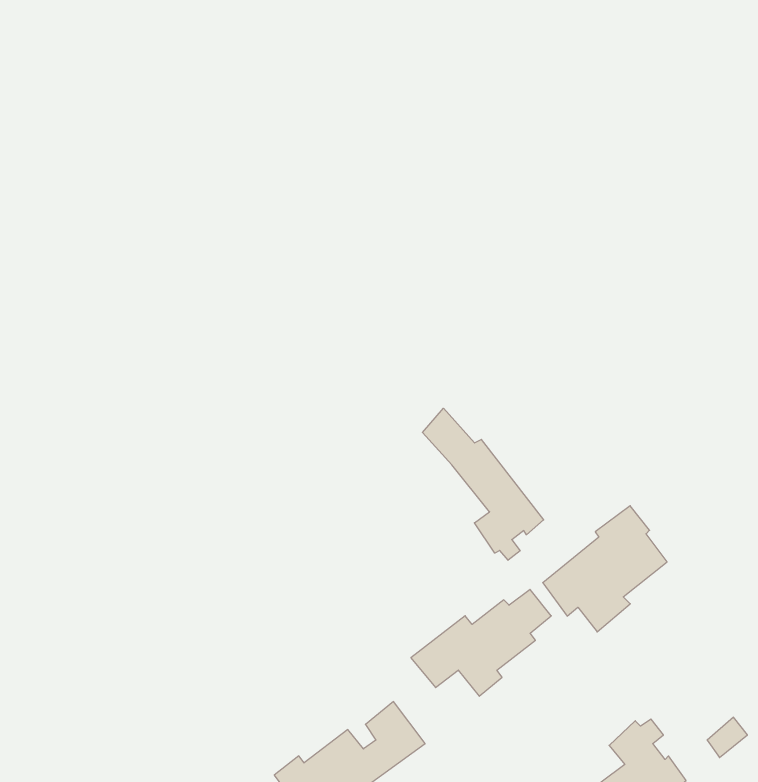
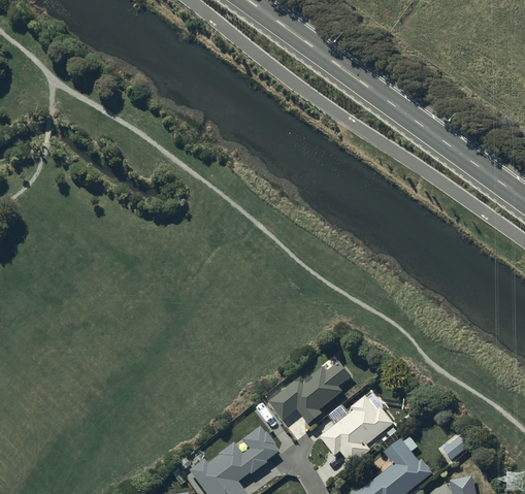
building: [422,408,544,560] -> none
building: [543,506,667,632] -> [320,391,393,465]

